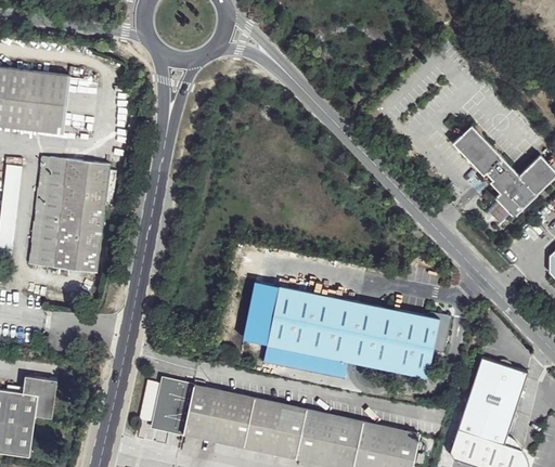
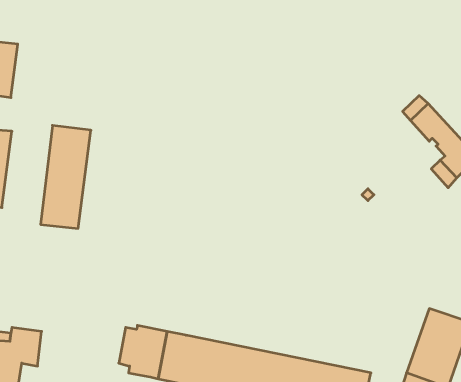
building: [23,70,70,134] -> none
building: [30,156,68,268] -> none
building: [266,286,450,376] -> none

